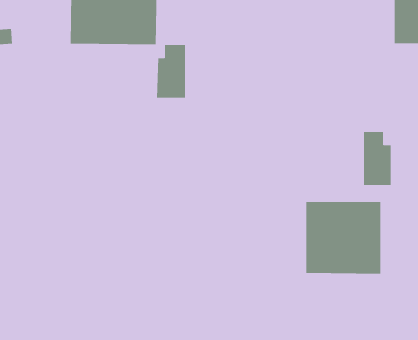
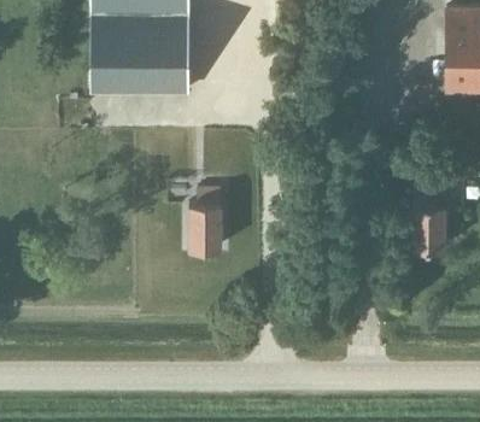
building: [156,45,186,98] -> [189,189,222,248]
building: [306,201,381,274] -> none

